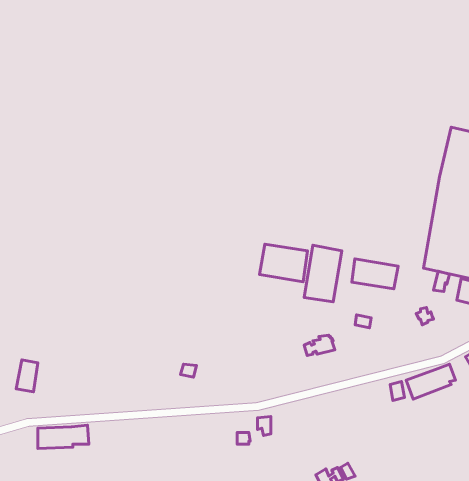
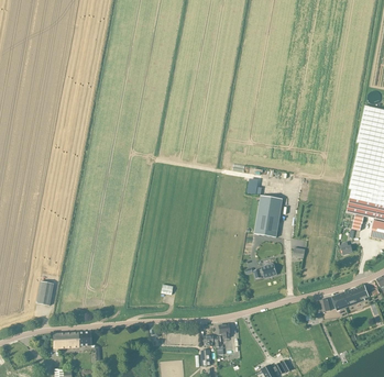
building: [260,244,307,282] -> none
building: [352,259,398,289] -> none

